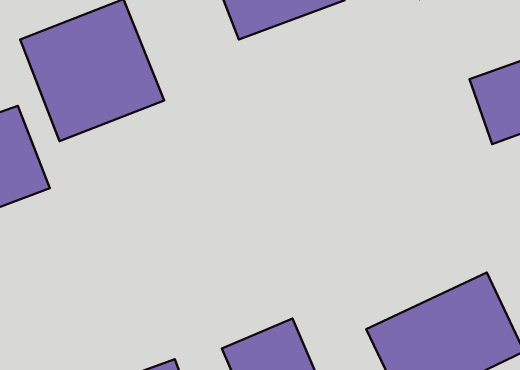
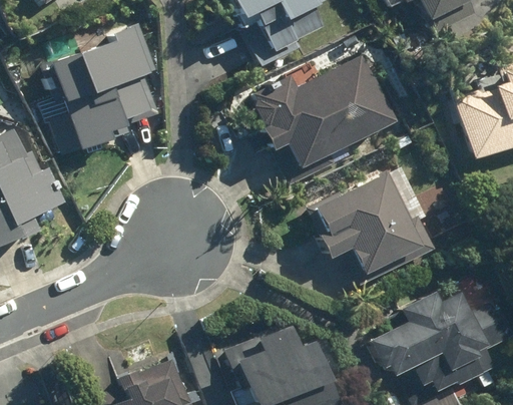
building: none -> [258,58,390,169]
building: none -> [303,174,431,296]

